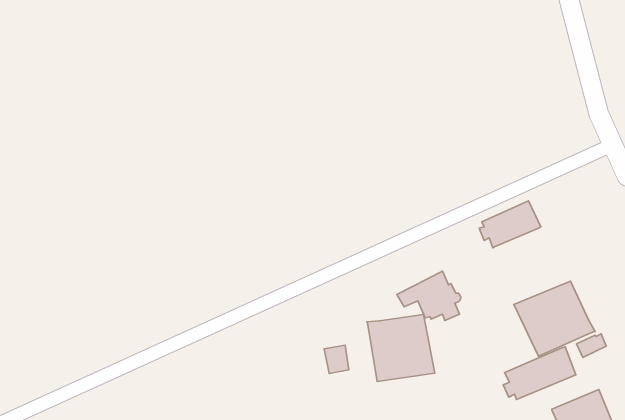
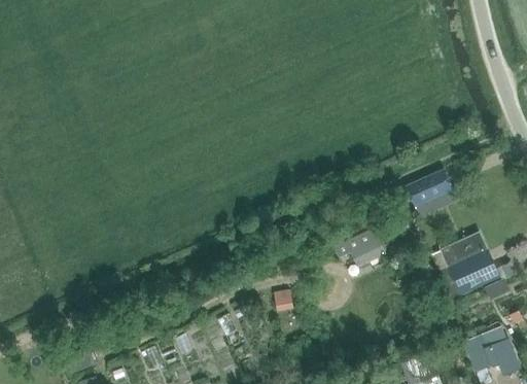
building: [367,314,435,381] -> none
building: [503,347,576,399] -> none

